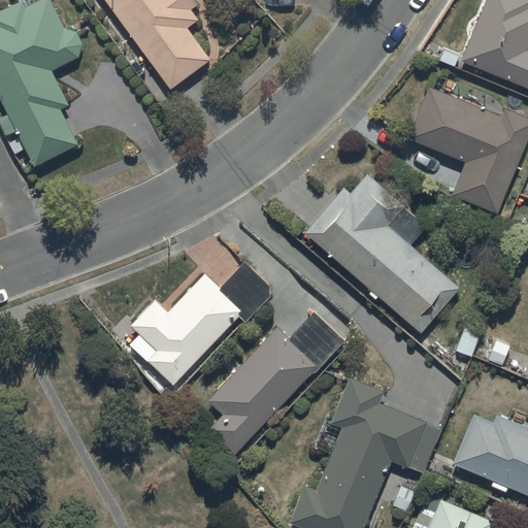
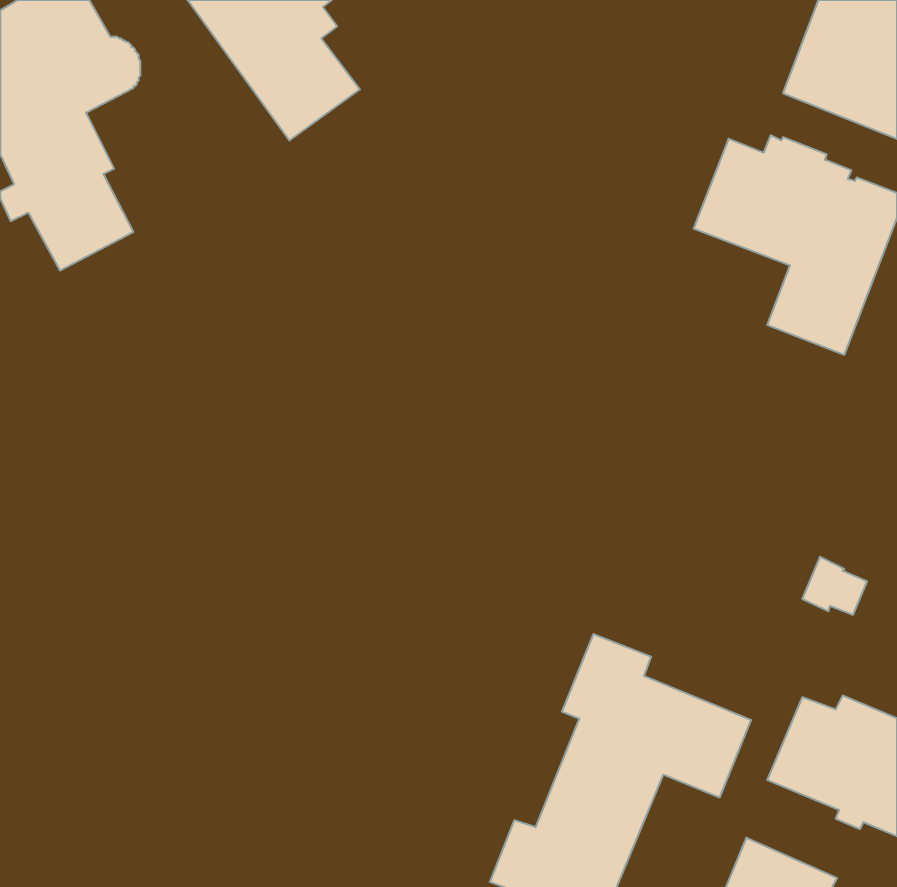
building: [301,174,460,334] -> none
building: [130,263,274,386] -> none
building: [208,311,344,455] -> none

